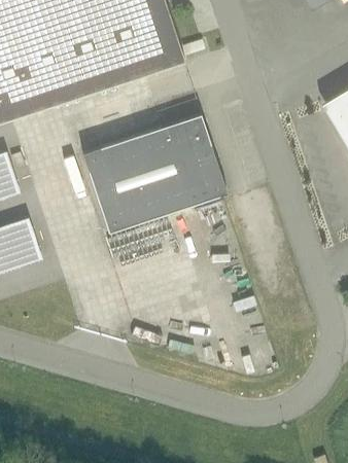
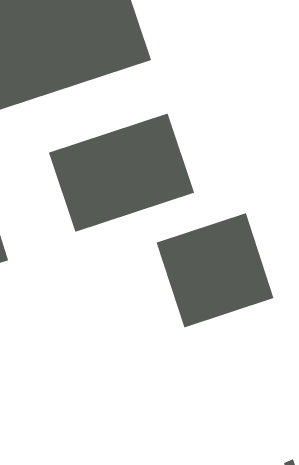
building: none -> [156,212,274,329]

